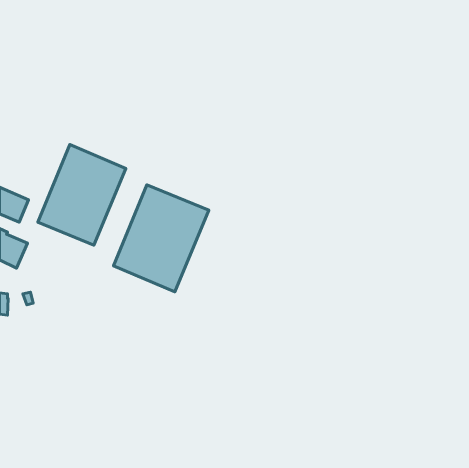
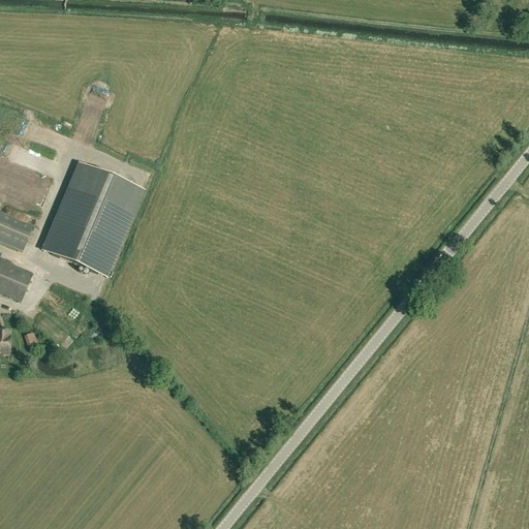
building: [114,185,209,292] -> none

